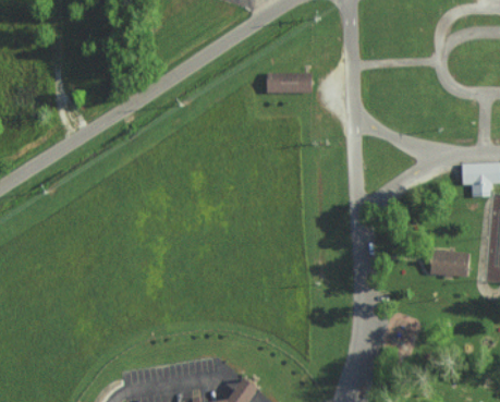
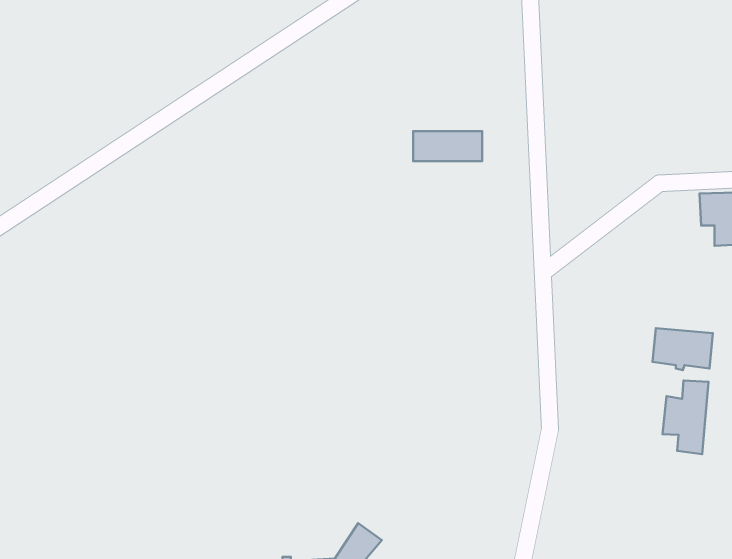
building: [267,73,312,93] -> [413,131,482,161]
building: none -> [663,381,709,454]

